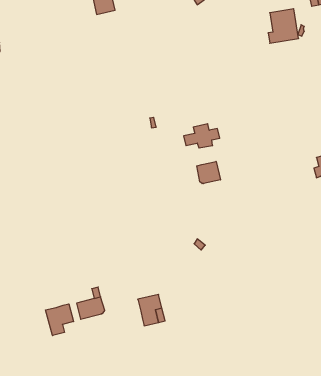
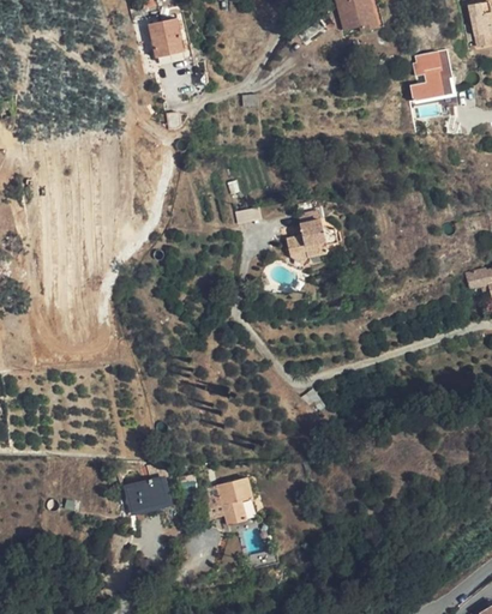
building: [197,161,220,184] -> none
building: [46,304,74,336] -> none

